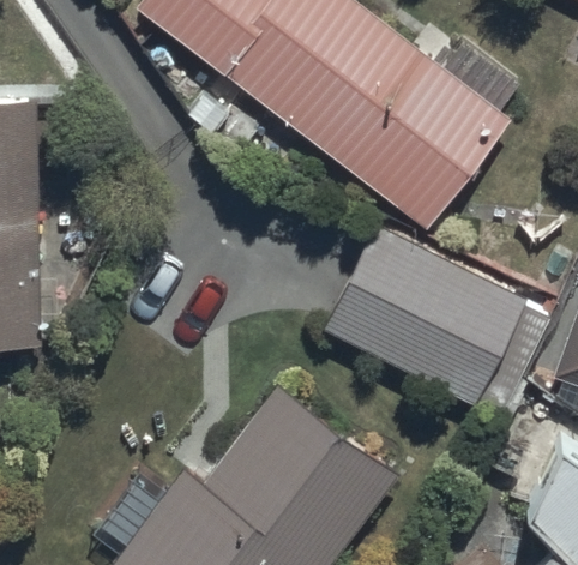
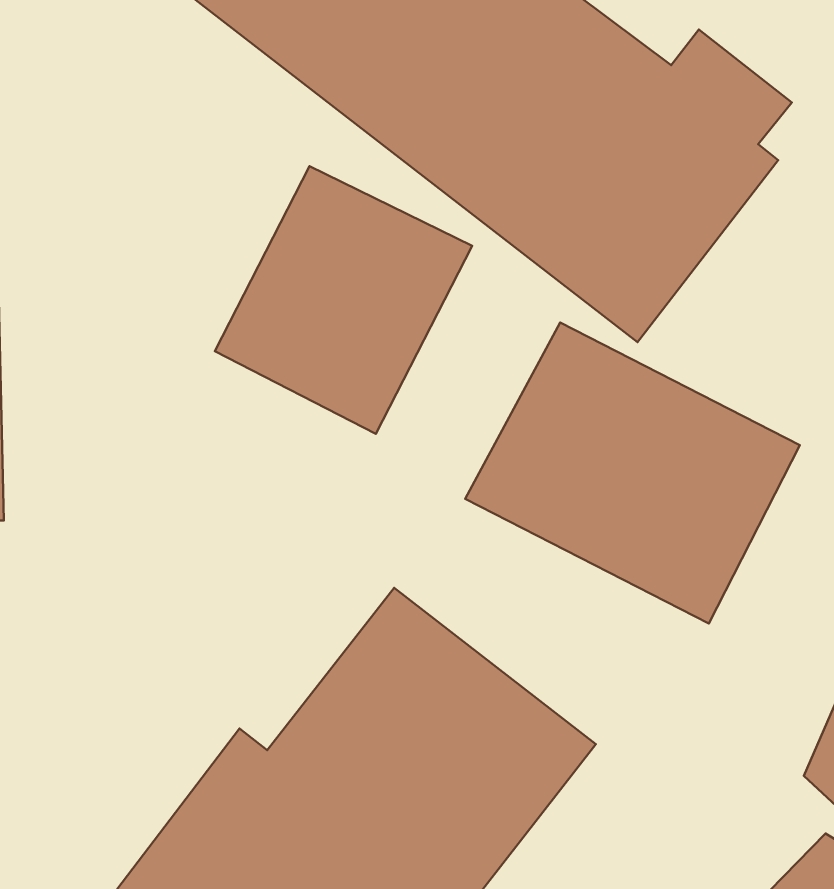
building: none -> [215,166,472,434]

